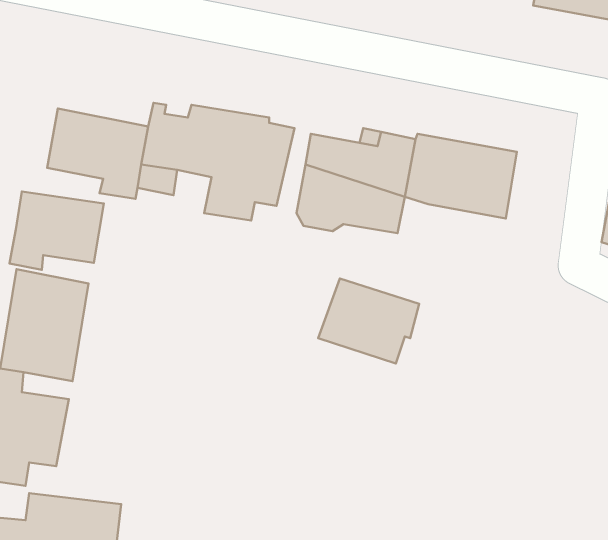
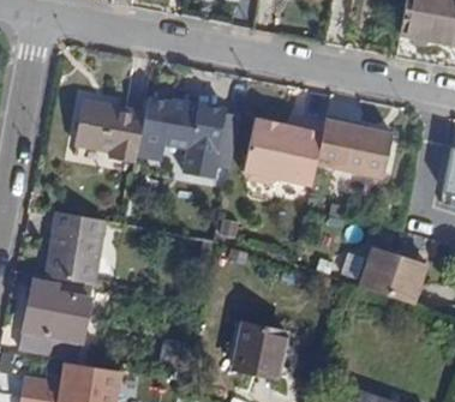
building: [9,191,104,270] -> none
building: [318,279,419,363] -> [363,247,430,304]
building: none -> [234,325,285,377]

